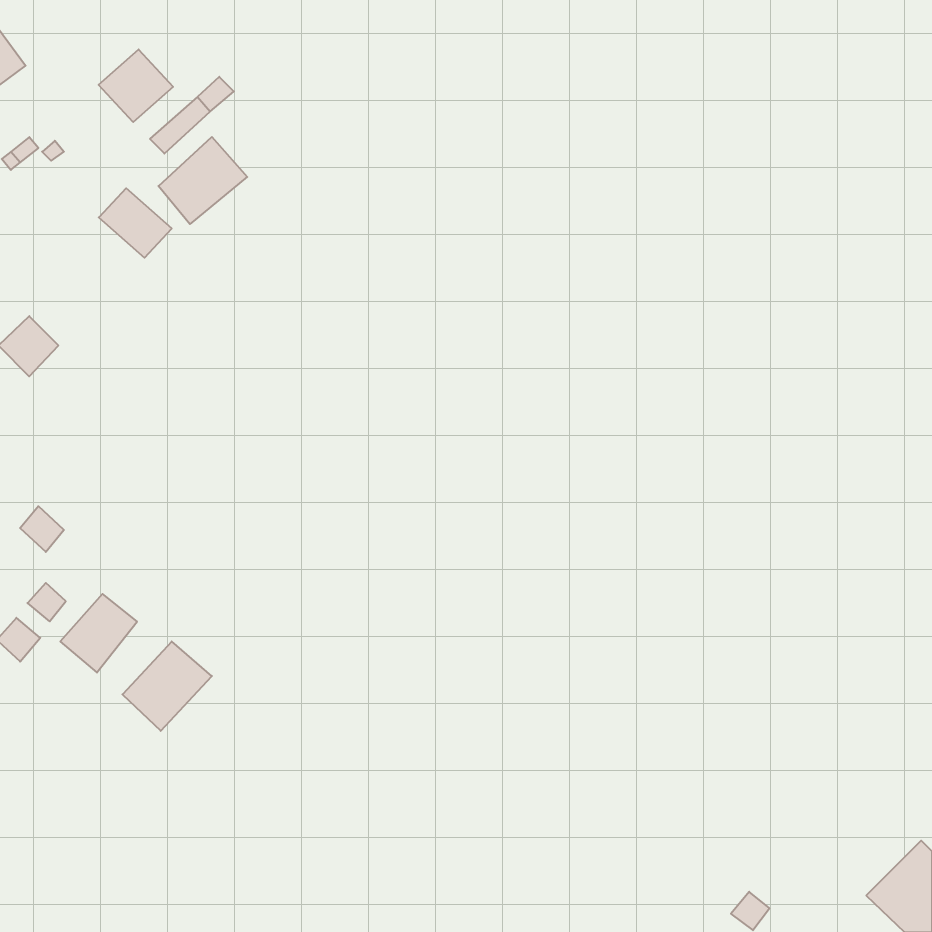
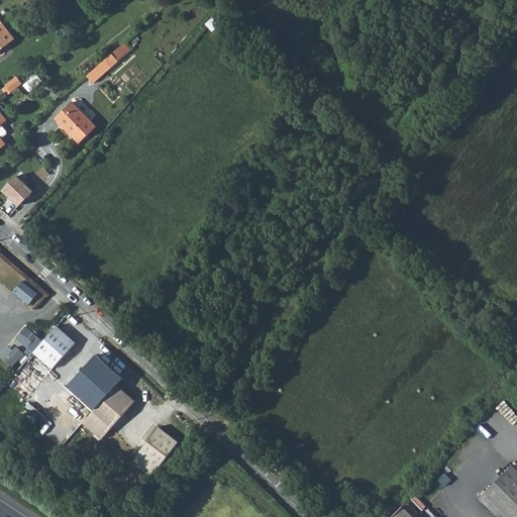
building: [99,49,173,122] -> none
building: [158,137,247,224] -> none
building: none -> [81,385,133,441]
building: none -> [131,425,178,475]

